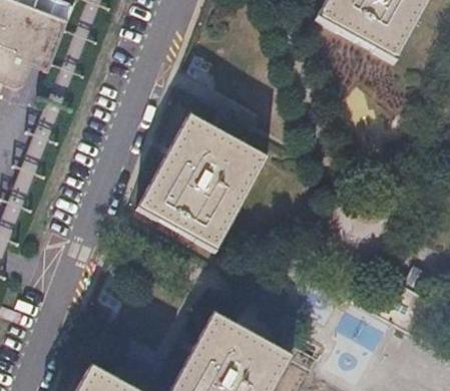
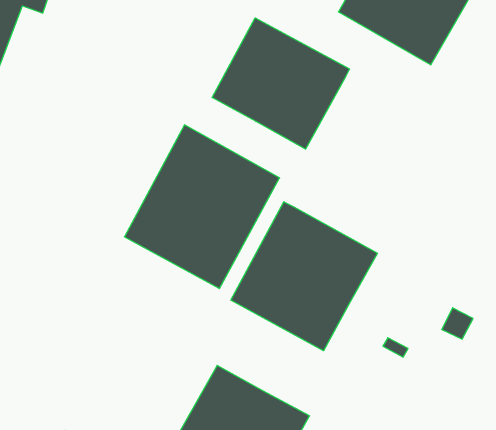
building: none -> [212,18,350,149]
building: none -> [231,202,377,351]

